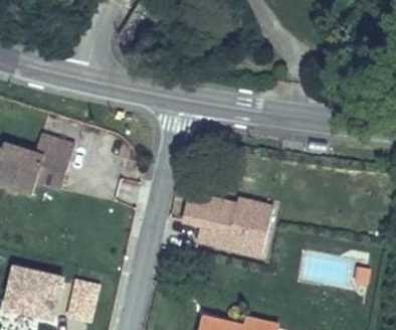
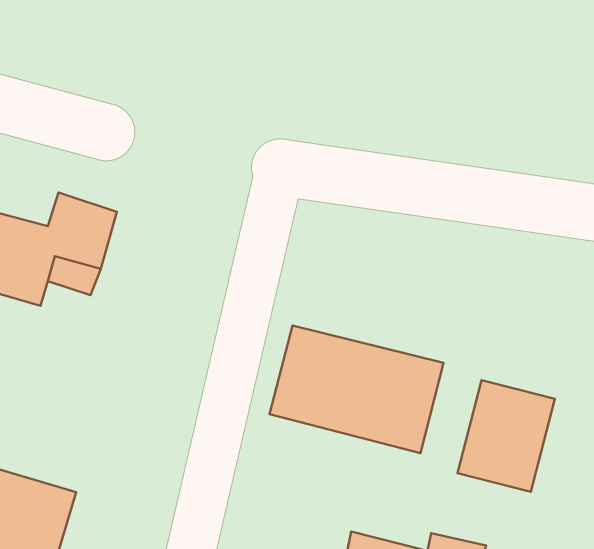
building: none -> [458,380,555,492]

